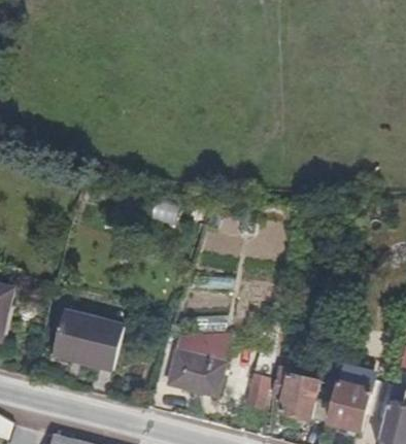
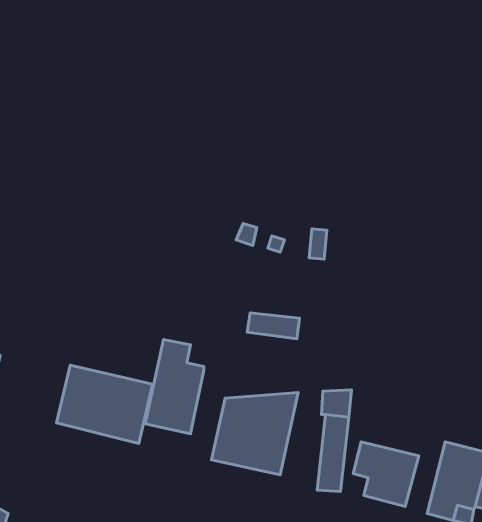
building: none -> [145,339,204,434]

